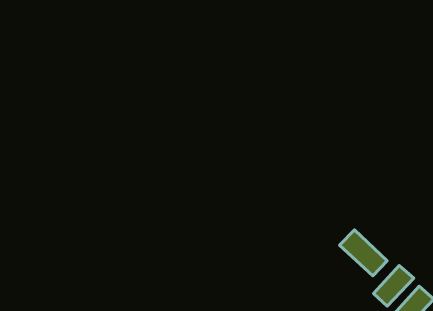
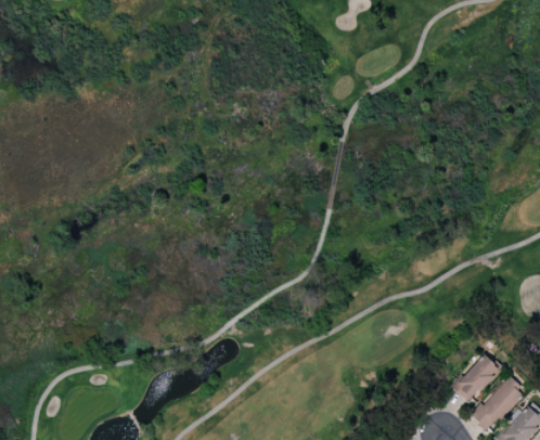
building: [339,230,387,276] -> none

